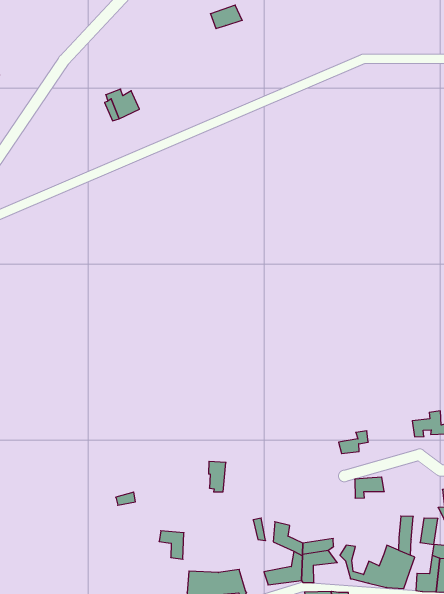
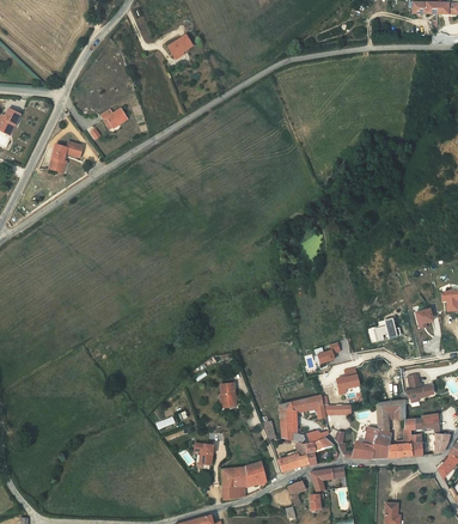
building: none -> [48,142,83,173]
building: none -> [279,395,325,420]

